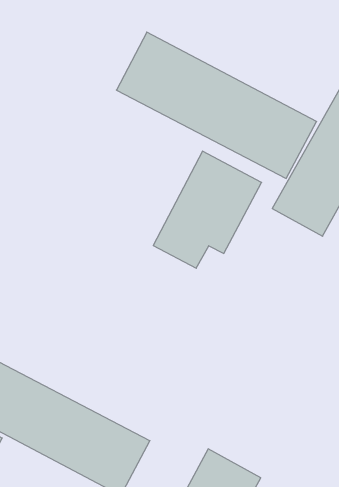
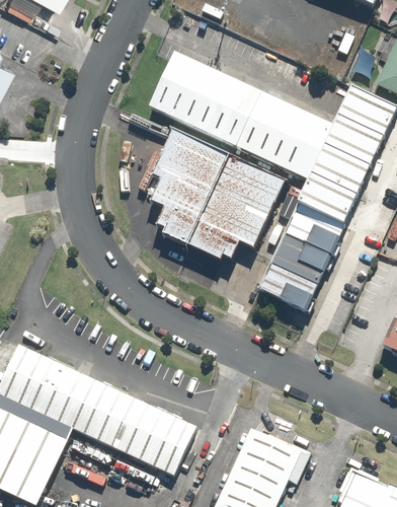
building: none -> [150,132,229,245]
building: none -> [259,205,343,311]

